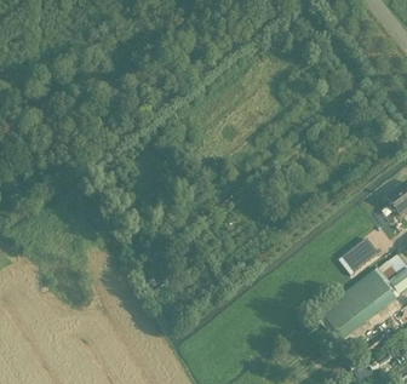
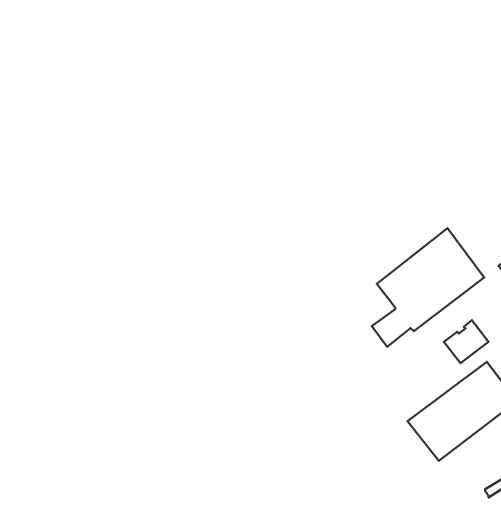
building: none -> [372,228,484,347]

